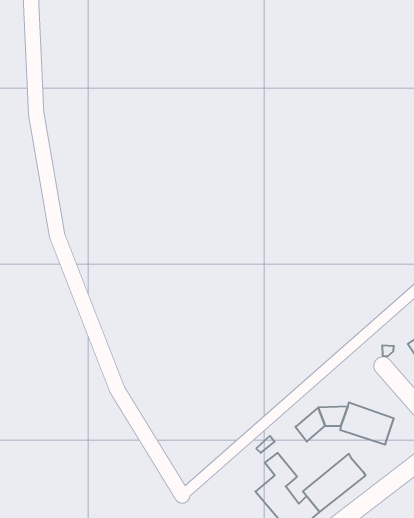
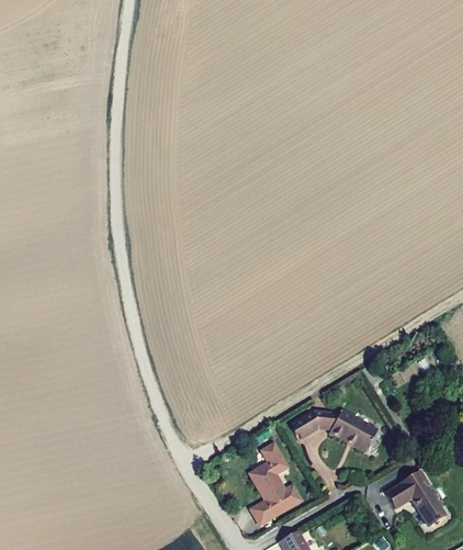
building: [303,454,365,512] -> none

